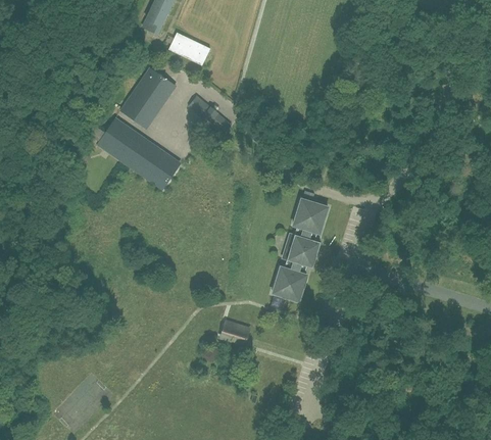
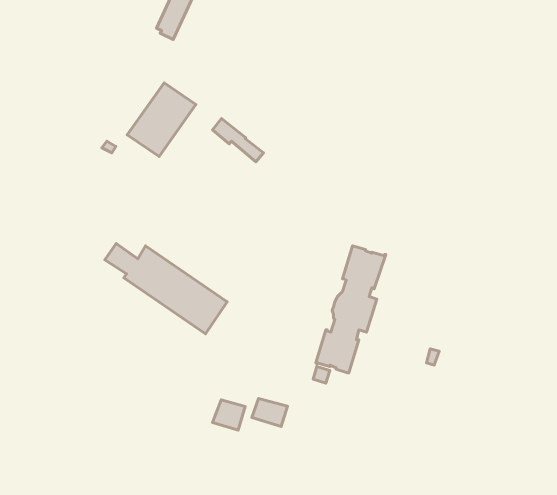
building: [165,30,210,62] -> none
building: [82,115,180,188] -> [105,243,227,334]
building: none -> [213,400,245,430]

